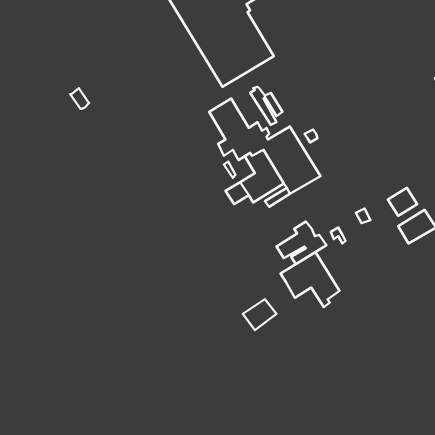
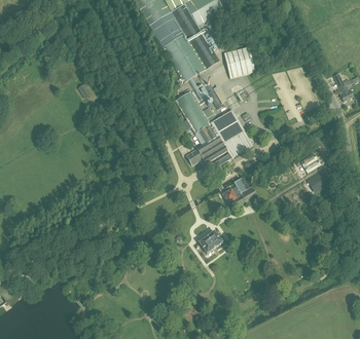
building: none -> [223,47,253,78]
building: [280,252,340,307] -> none

